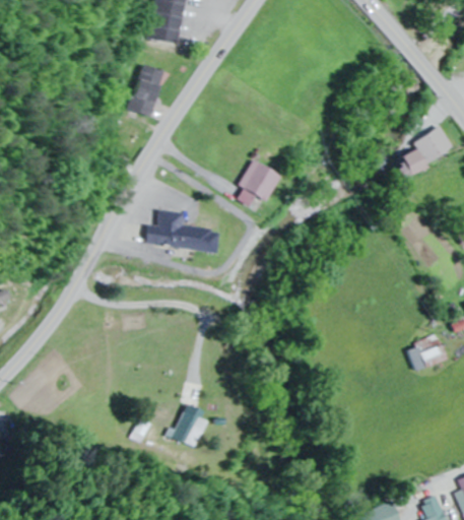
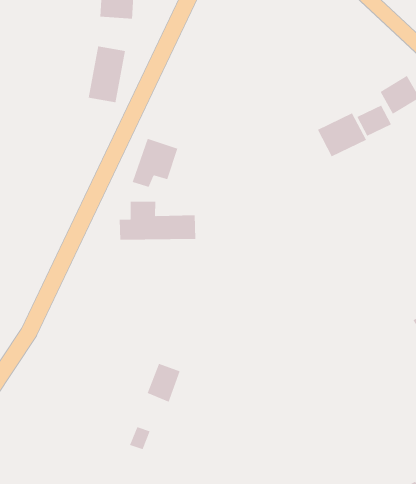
building: none -> [317,113,367,157]
building: [235,160,281,206] -> [132,138,178,188]
building: [172,410,205,448] -> [147,363,180,403]

